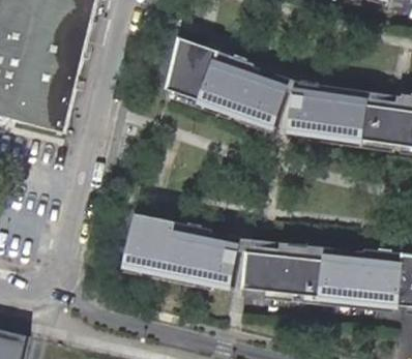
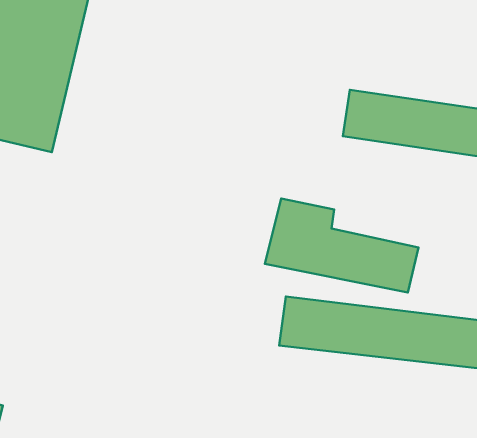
building: [161,33,283,123] -> none
building: [117,211,234,282] -> [265,199,419,292]

